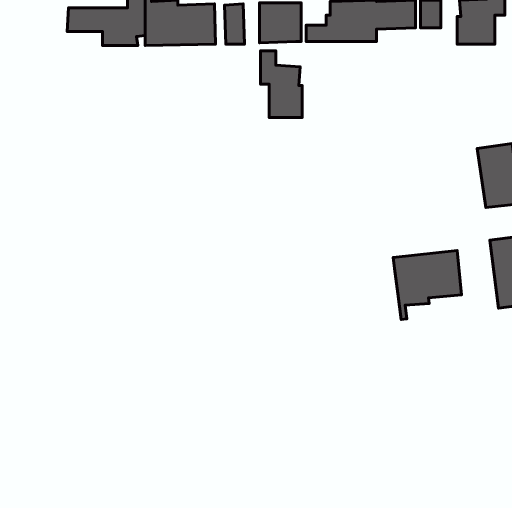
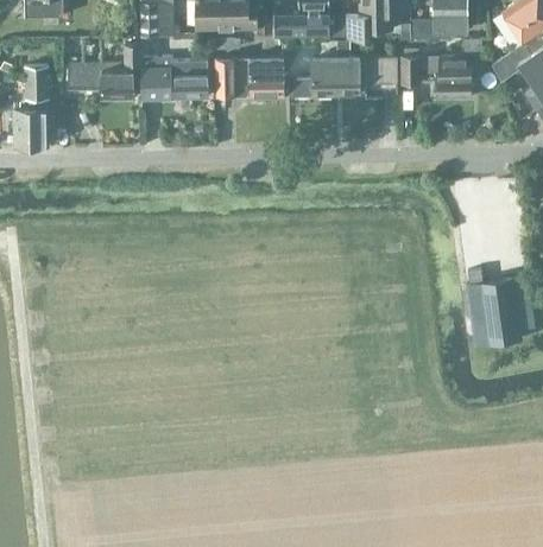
building: none -> [27,68,50,101]
building: [260,51,302,117] -> none
building: none -> [13,108,49,148]
building: [393,250,462,320] -> none

